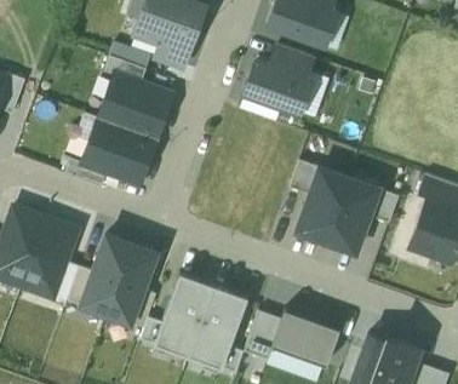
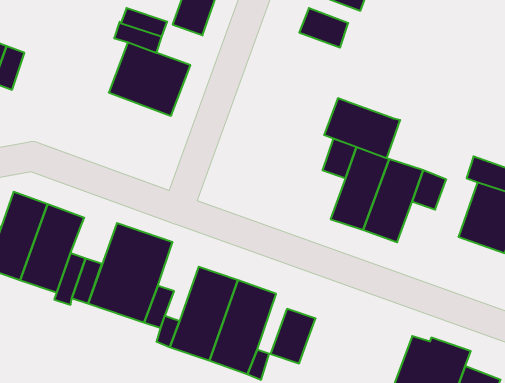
building: [244,61,311,114] -> [324,98,400,158]
building: [84,119,154,184] -> none
building: [274,310,340,366] -> none

